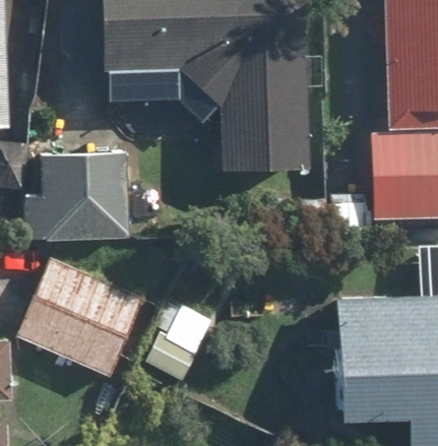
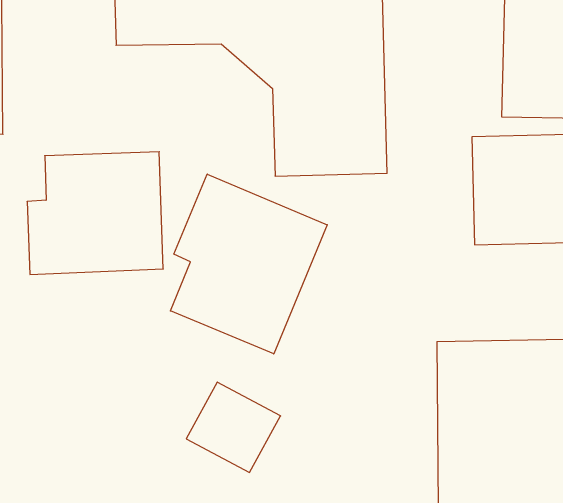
building: none -> [170,174,327,354]
building: [16,264,137,375] -> none

